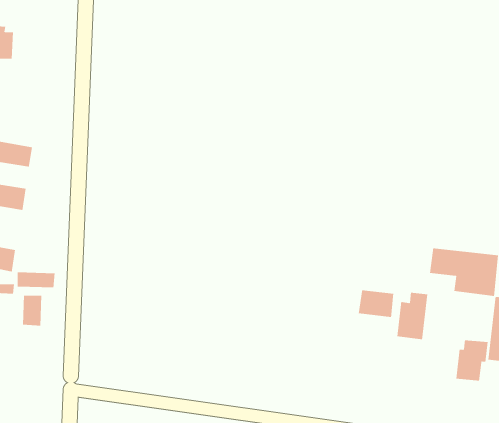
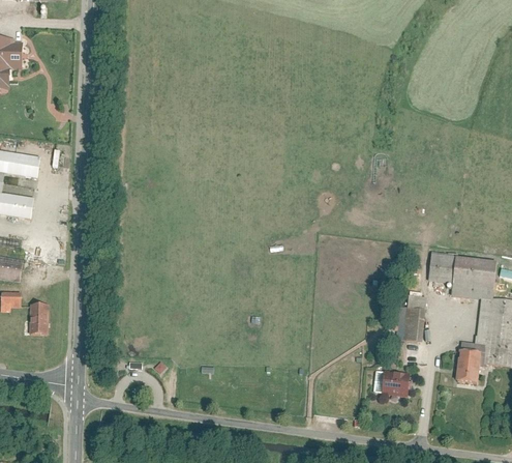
building: [17,271,55,288] -> none
building: [358,290,394,318] -> none
building: none -> [374,369,410,394]

